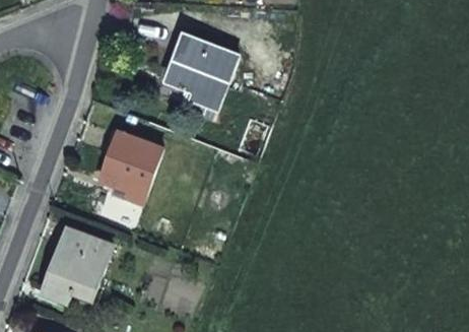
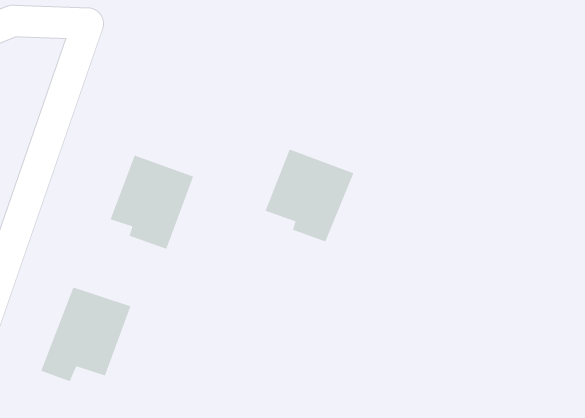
building: [169,38,236,108] -> [265,148,355,242]

